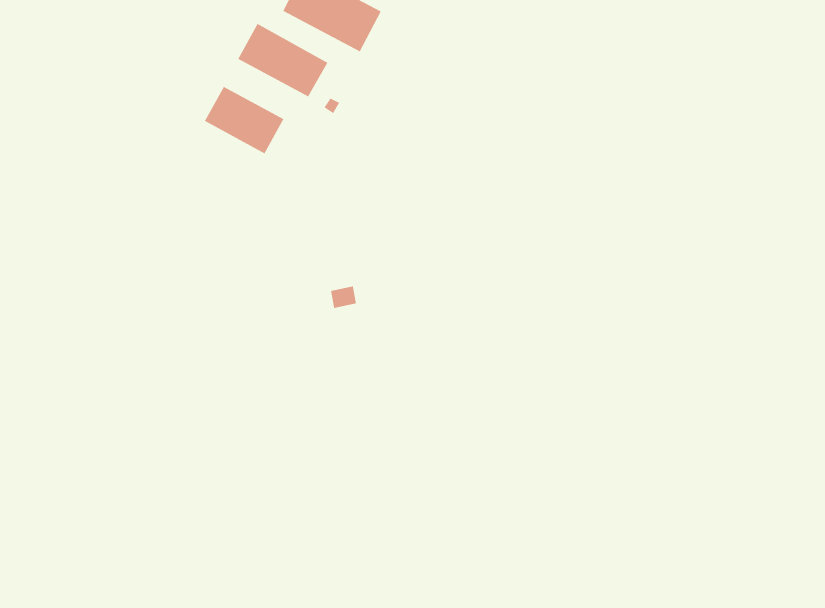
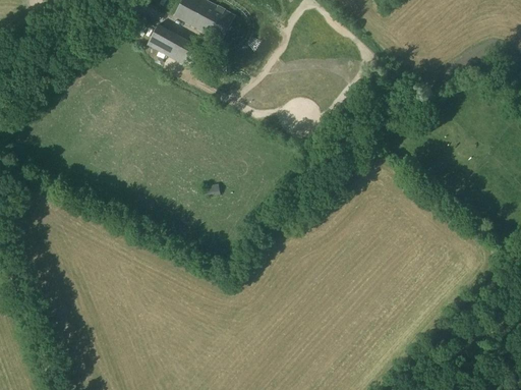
building: [204,86,285,154] -> none

